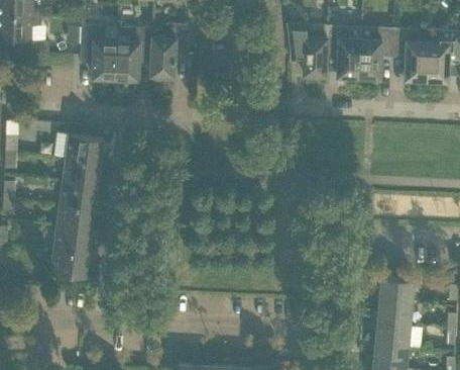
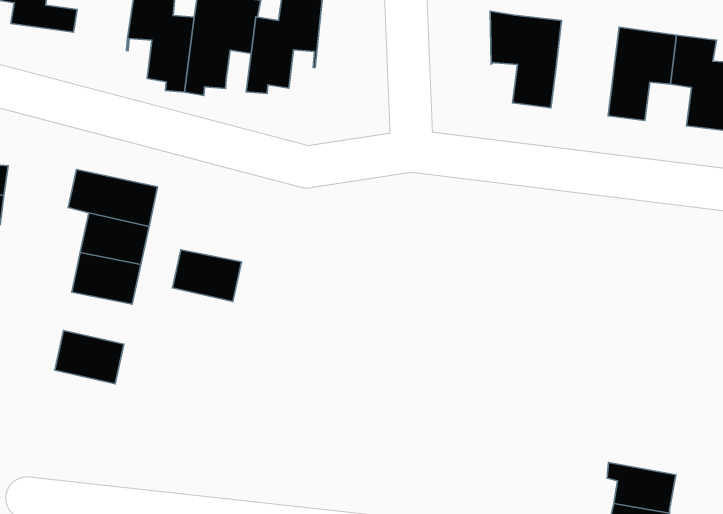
building: [327,26,361,79] -> none
building: [56,205,95,233] -> [173,250,241,301]
building: [50,251,89,279] -> none

